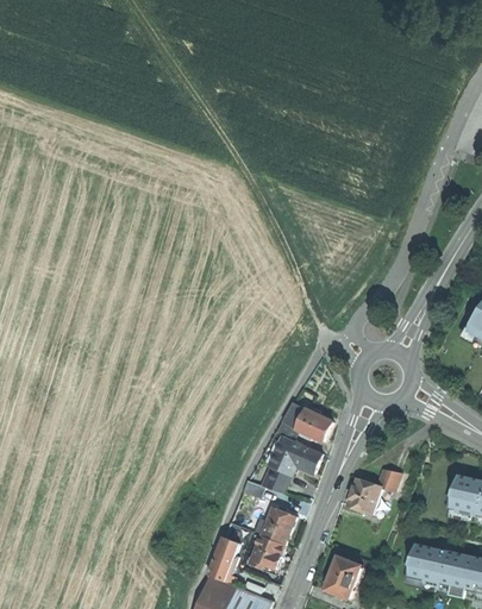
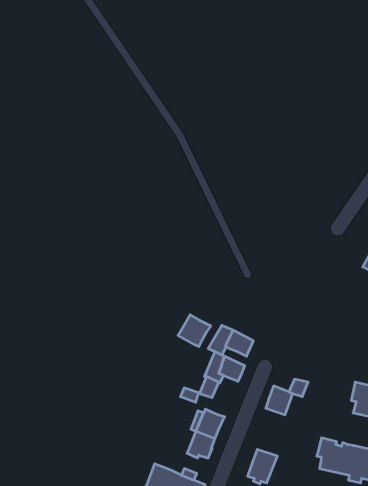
building: none -> [178,315,211,347]
building: [206,536,237,583] -> none

